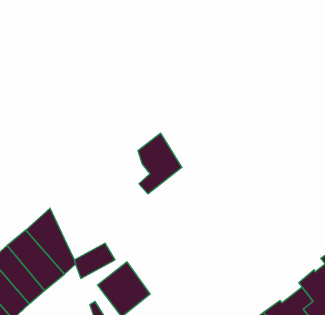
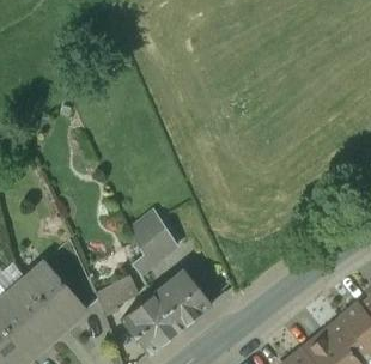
building: [138,133,182,194] -> [132,208,180,274]
building: none -> [154,271,211,329]

